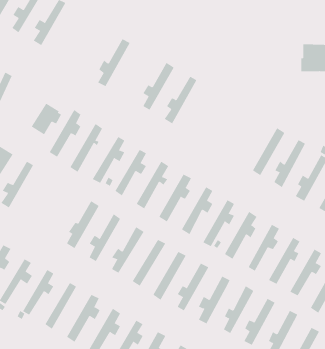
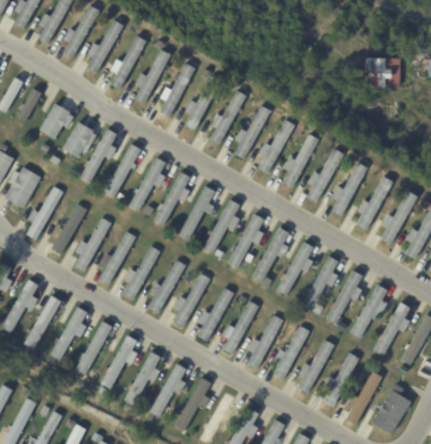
building: none -> [85,19,122,73]
building: none -> [109,36,146,89]
building: none -> [158,62,194,116]
building: none -> [38,103,72,138]
building: none -> [233,104,270,160]
building: none -> [257,119,294,173]
building: none -> [281,134,318,188]
building: none -> [47,202,85,257]
building: none -> [74,217,112,270]

